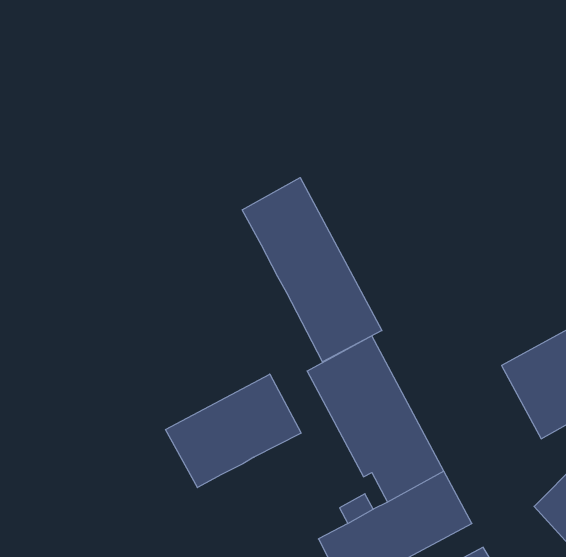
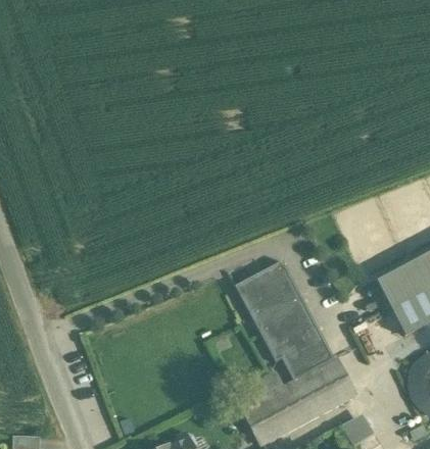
building: [242,178,382,362] -> none
building: [166,374,301,488] -> none

